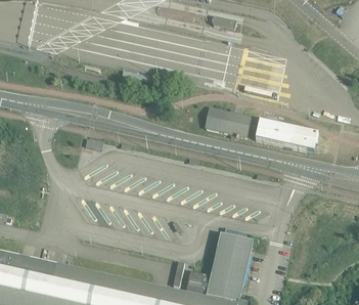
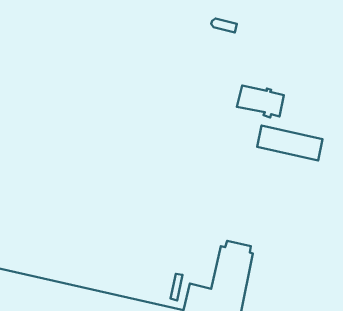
building: [204,110,249,140] -> [237,85,284,117]

